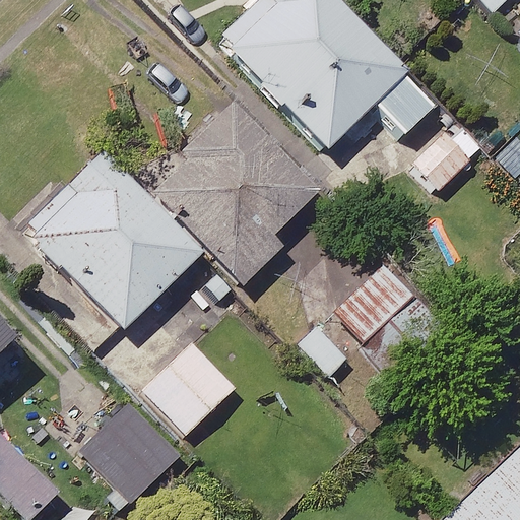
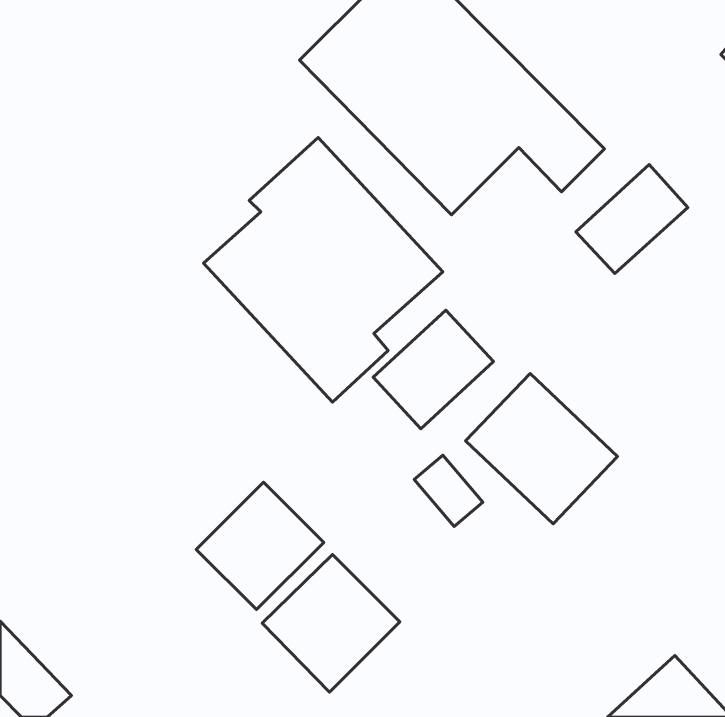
building: [24,155,198,331] -> none
building: none -> [373,310,494,429]
building: [86,400,184,498] -> [262,555,400,692]

